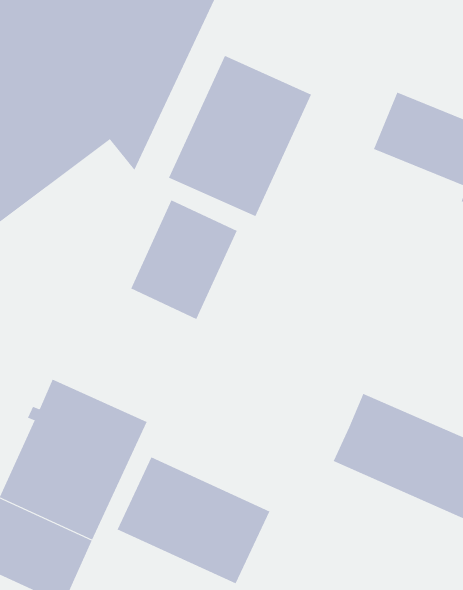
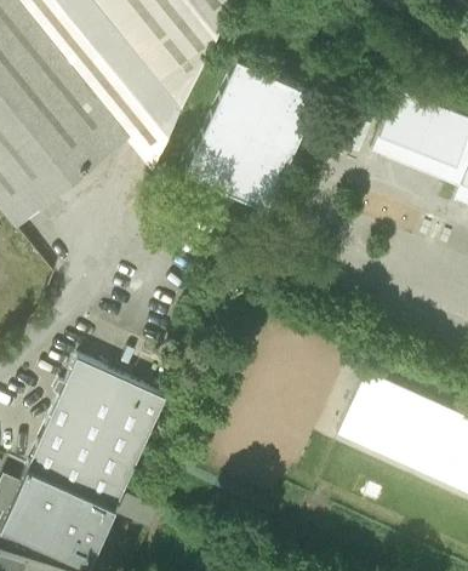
building: [130,200,237,320] -> none
building: [117,457,270,584] -> none

